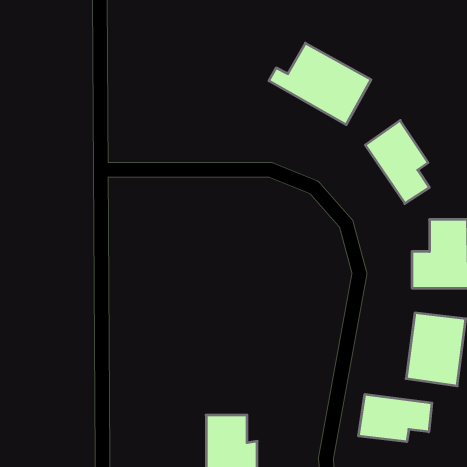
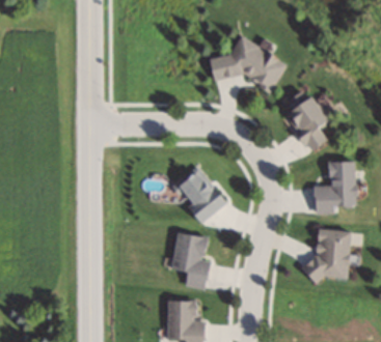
building: none -> [174,166,227,222]
building: none -> [172,232,210,289]
building: [359,394,432,442] -> none

